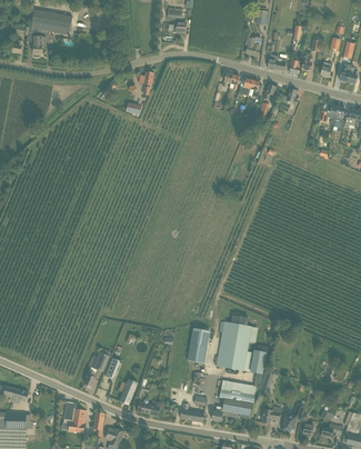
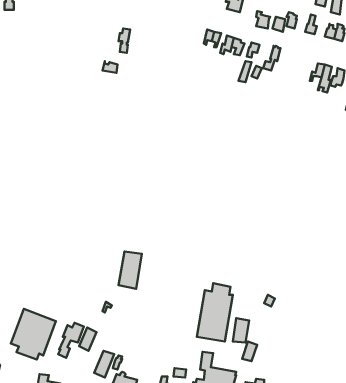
building: [187,328,209,363] -> [119,251,142,289]
building: none -> [11,309,56,360]

